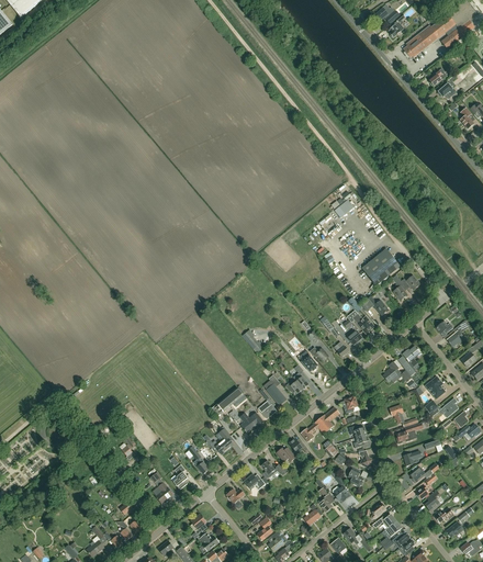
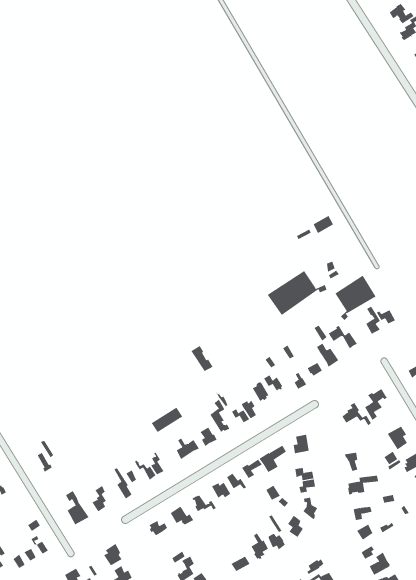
building: none -> [267,270,327,316]

